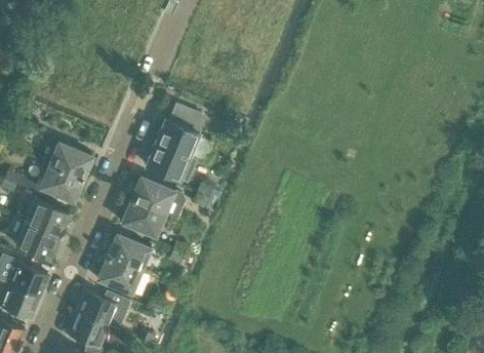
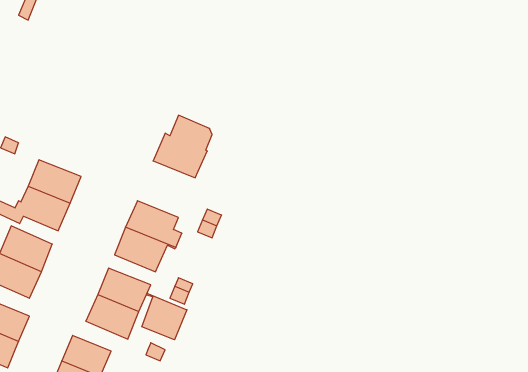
building: [146,143,198,181] -> none
building: none -> [142,293,187,340]

